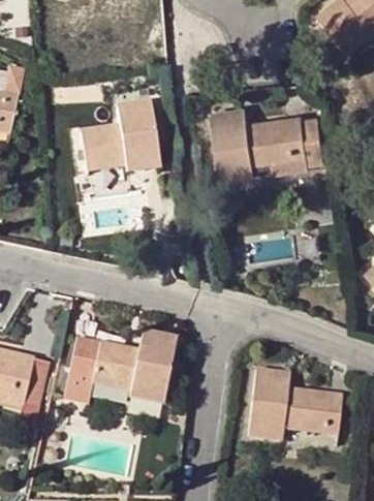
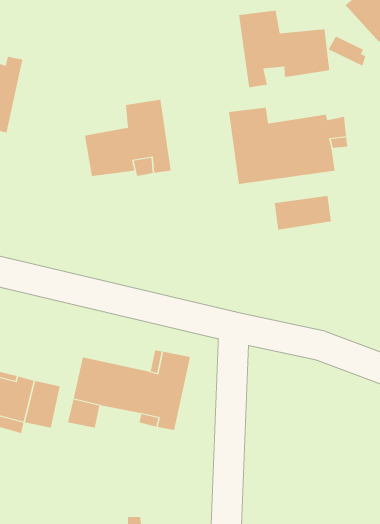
building: none -> [239,10,330,88]
building: none -> [274,195,332,230]
building: [248,369,343,439] -> none

